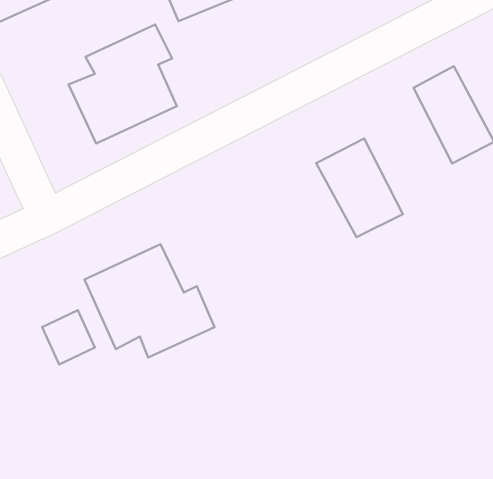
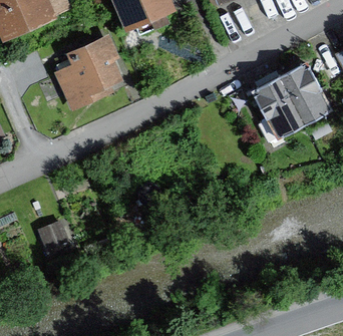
building: [316,138,403,237] -> [247,75,303,139]
building: [84,244,214,358] -> none

